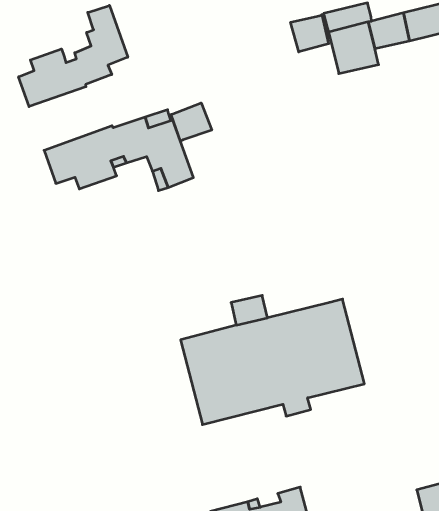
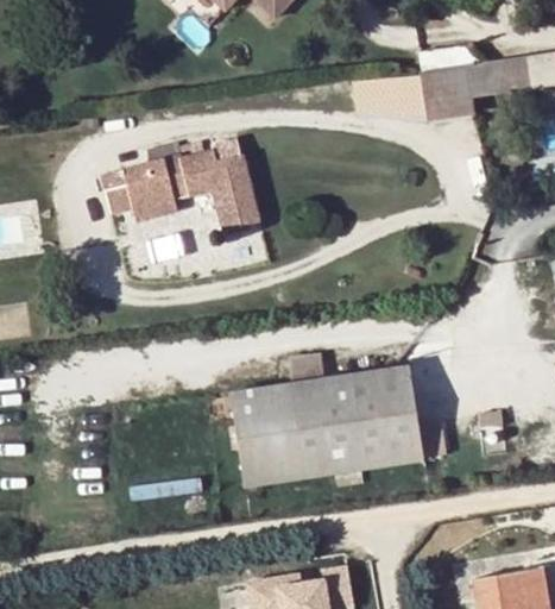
building: [19,5,128,107] -> none
building: [291,15,329,52] -> none
building: [171,103,212,141] -> none

